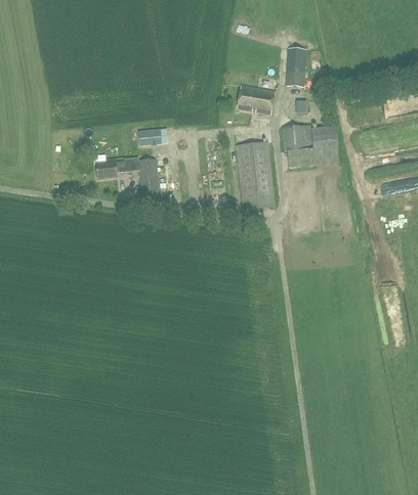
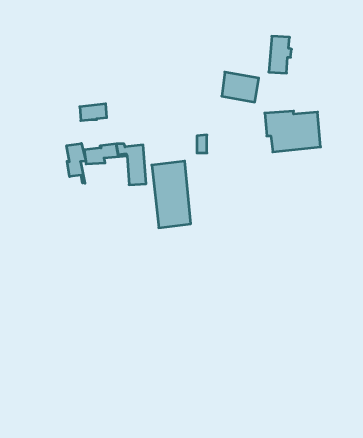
building: [139,129,167,146] -> [80,104,107,121]
building: [235,140,275,209] -> [152,161,191,228]
building: none -> [67,143,86,183]

